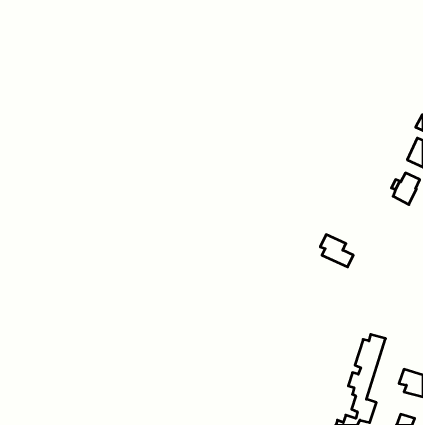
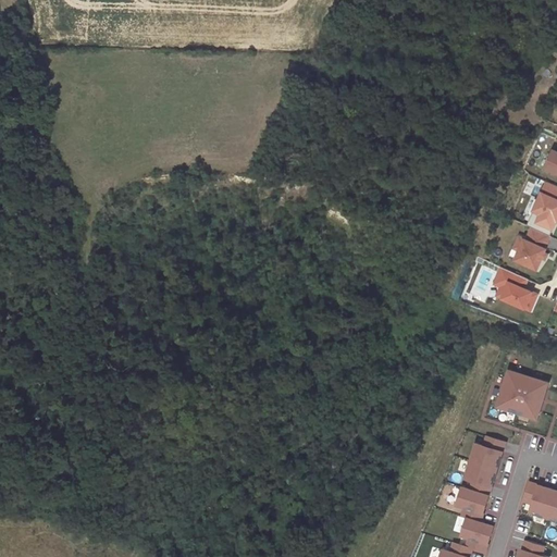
building: [320,235,353,267] -> [493,265,536,308]
building: none -> [496,371,547,419]

